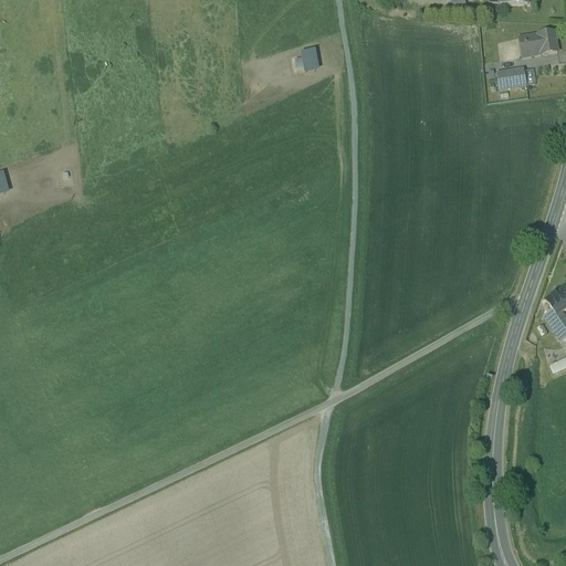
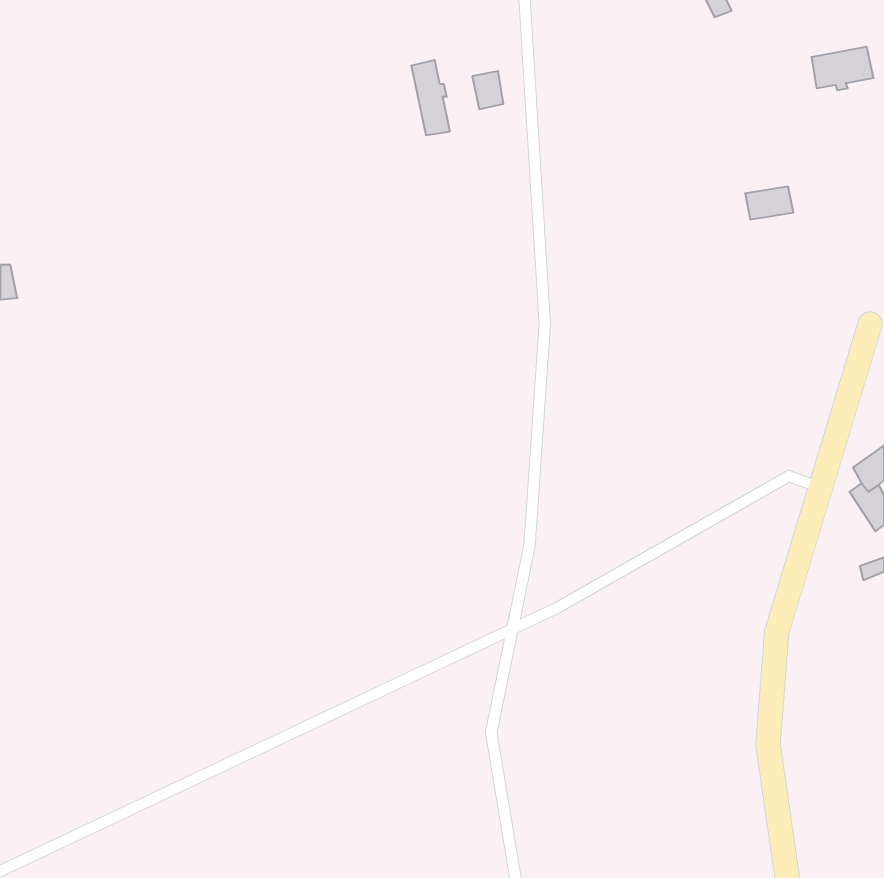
building: none -> [411,60,450,135]
building: [495,67,526,88] -> [745,187,793,219]

